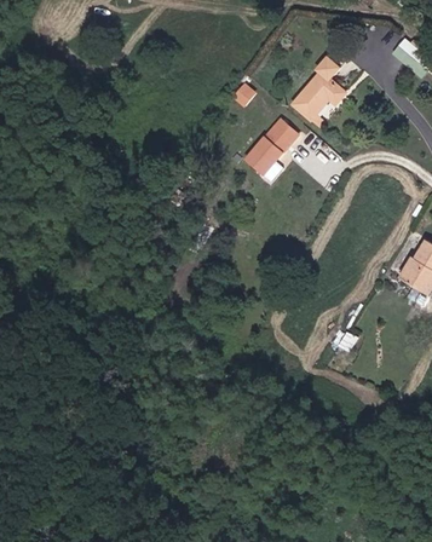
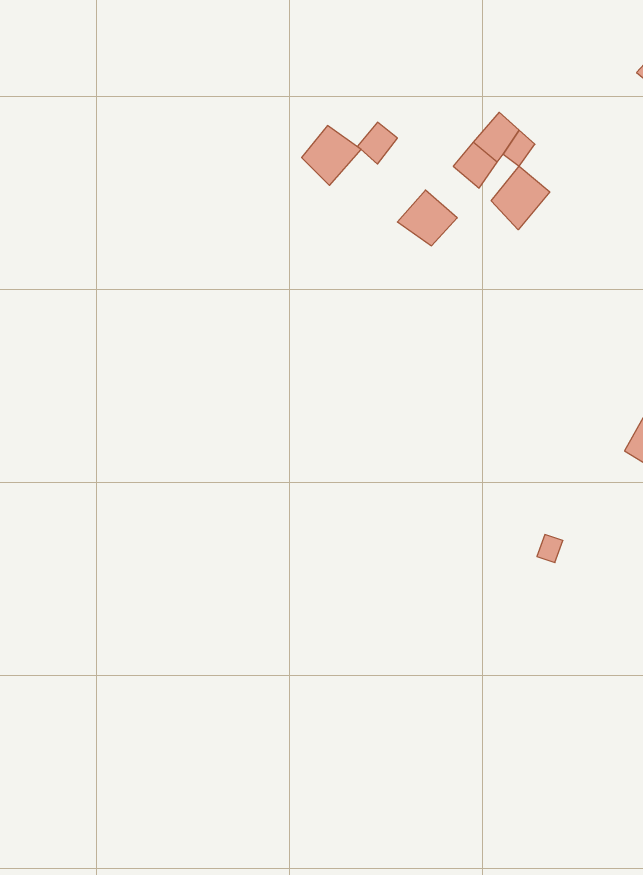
building: none -> [491,166,550,230]
building: [243,138,280,174] -> [302,126,361,185]

